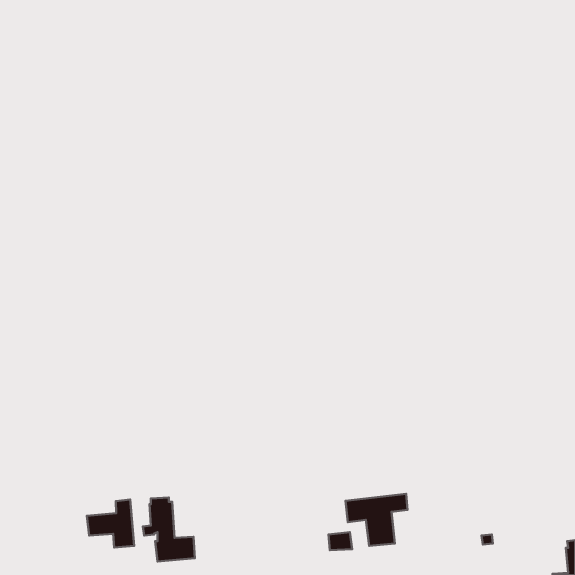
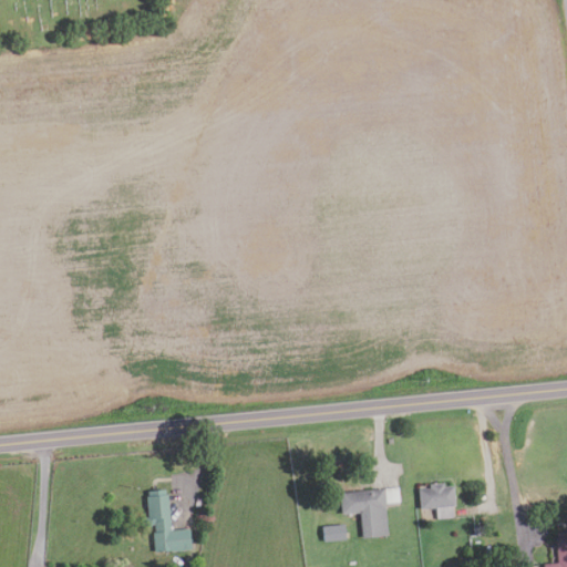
building: none -> [420,483,456,519]
building: [87,499,134,548] -> none

